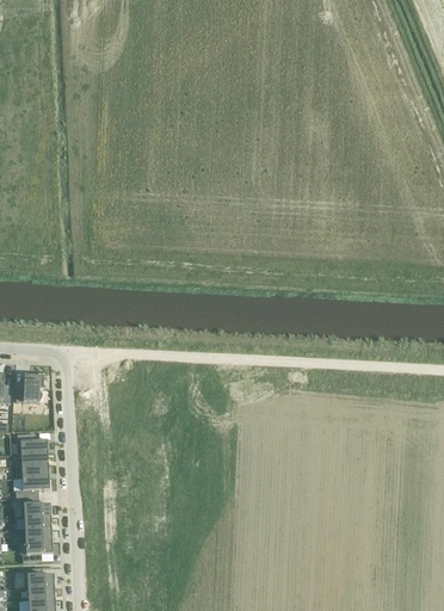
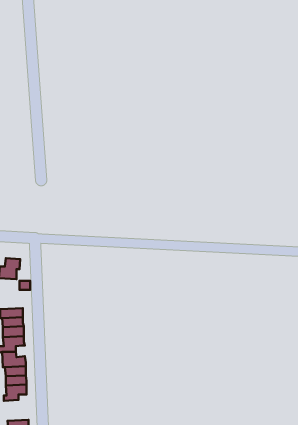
building: [23,568,54,588] -> none

